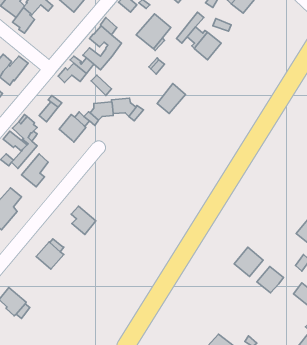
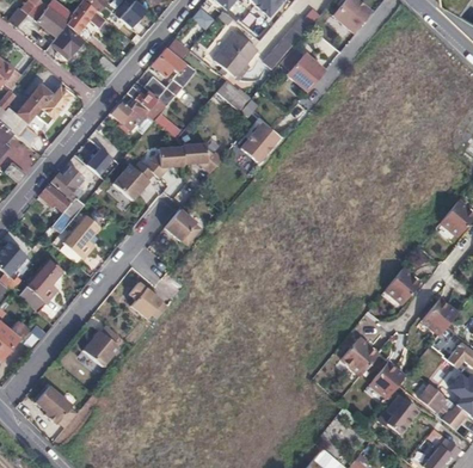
building: none -> [166,209,203,245]
building: none -> [387,267,420,302]
building: none -> [387,395,418,433]

